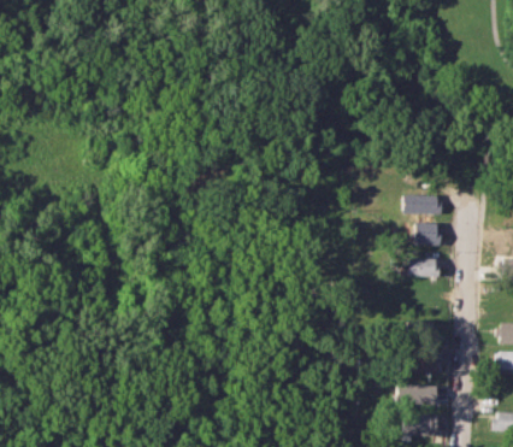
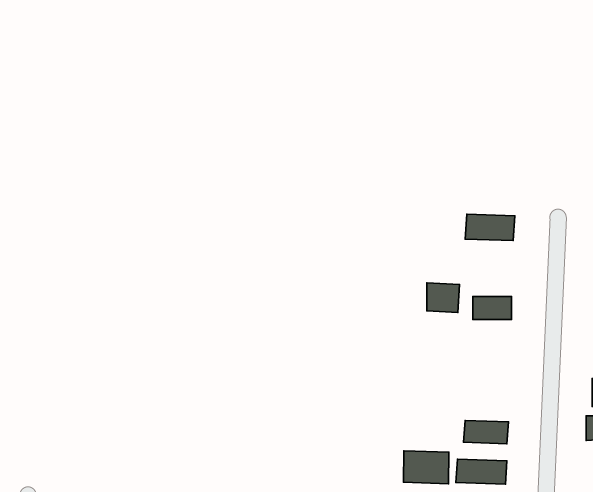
building: [415,223,441,246] -> [427,283,459,312]
building: none -> [403,451,449,484]

